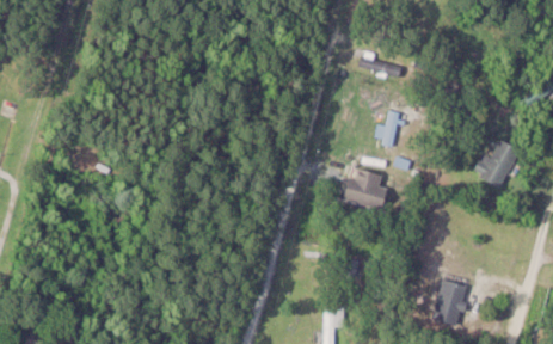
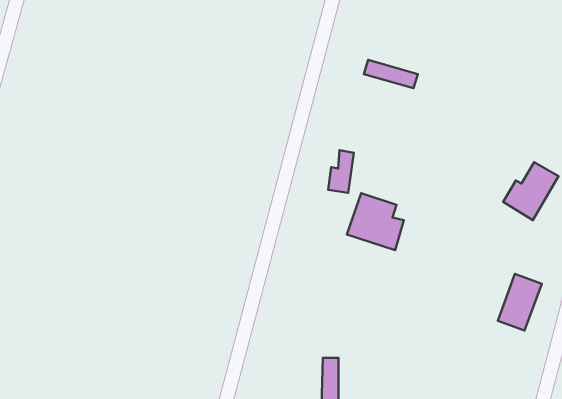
building: [377,111,399,147] -> [328,150,354,193]
building: [432,276,469,324] -> [498,274,542,331]

